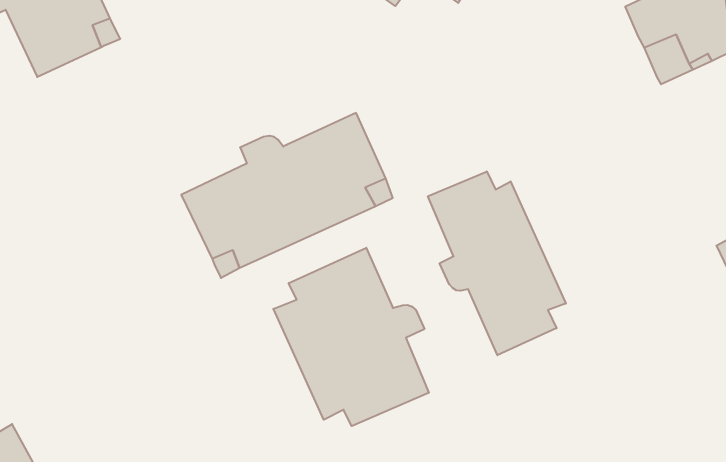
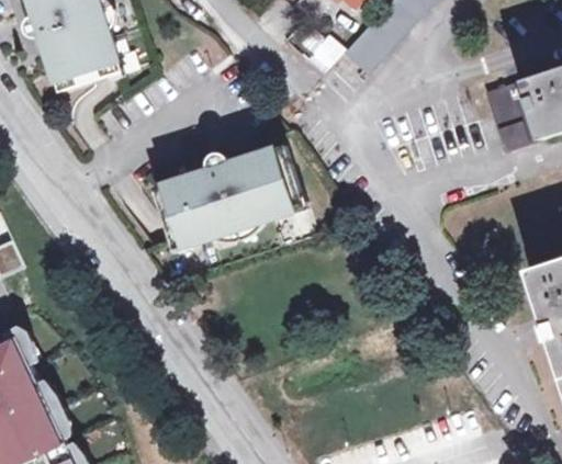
building: [428,171,566,355] -> none
building: [273,248,429,426] -> none

